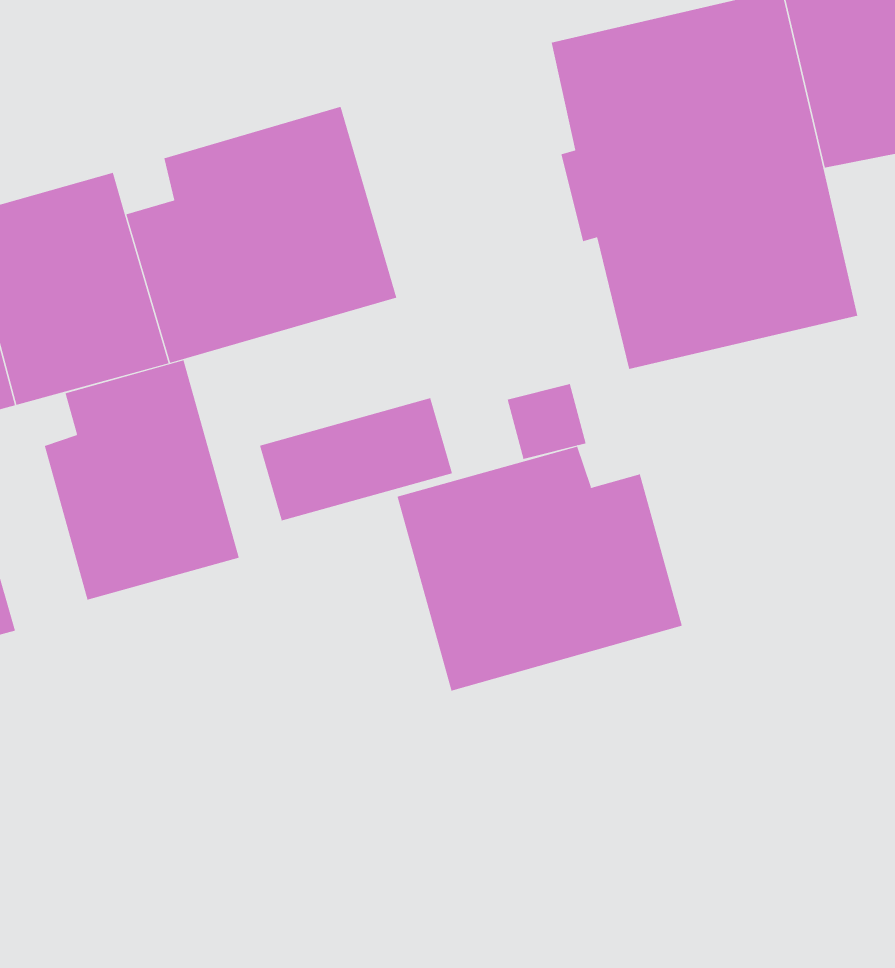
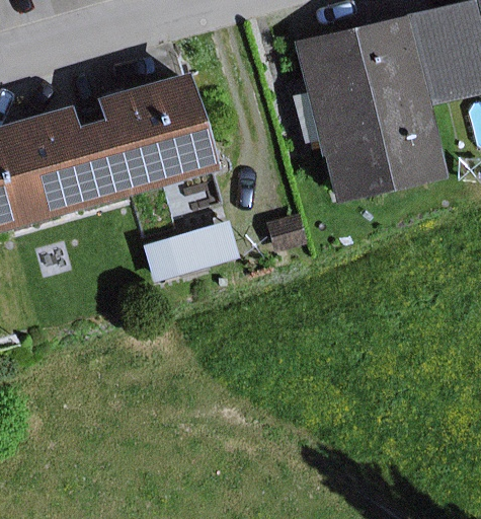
building: [44,360,240,601] -> none
building: [397,446,683,691] -> none

